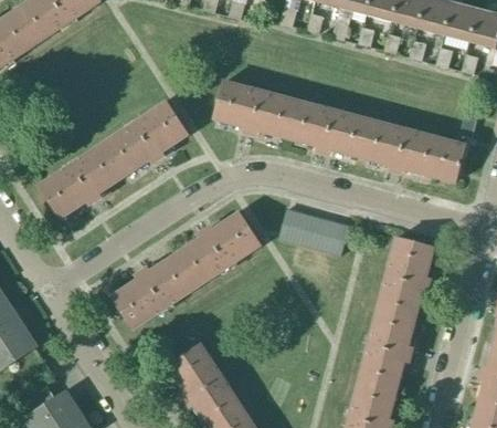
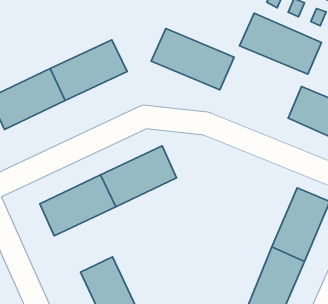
building: [294,101,384,160] -> [240,13,321,74]
building: [278,208,348,254] -> none

